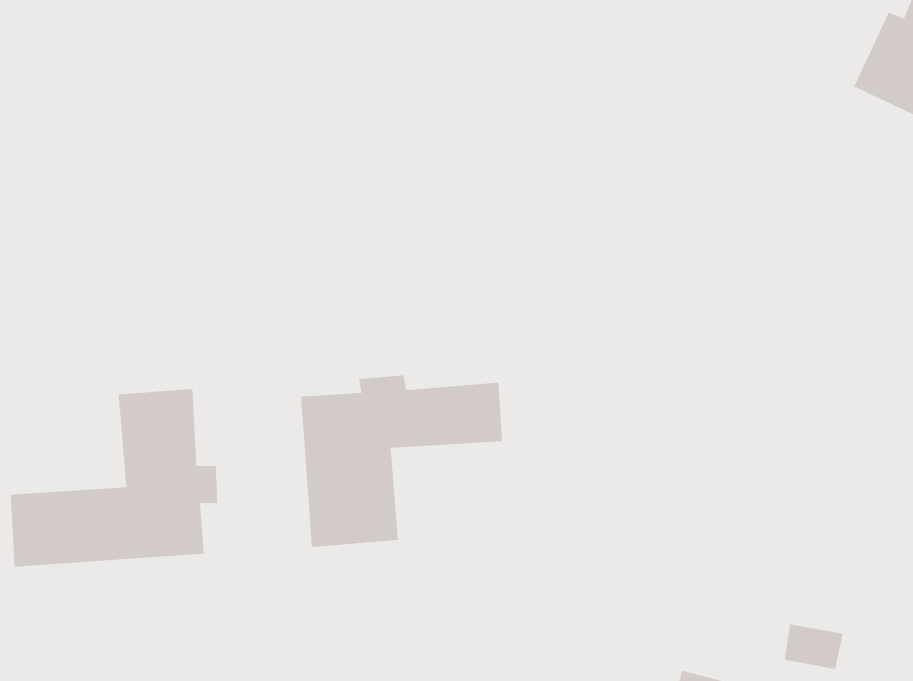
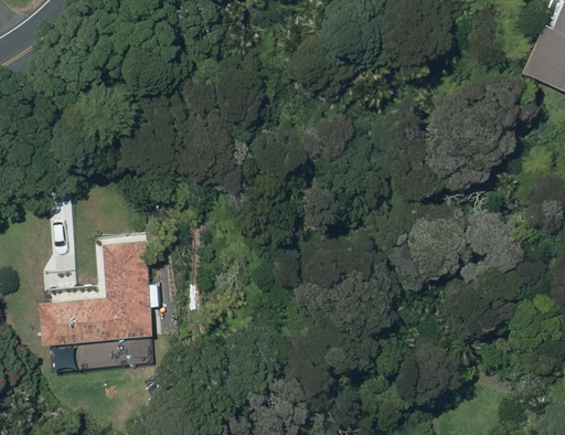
building: [300,375,503,548] -> none

